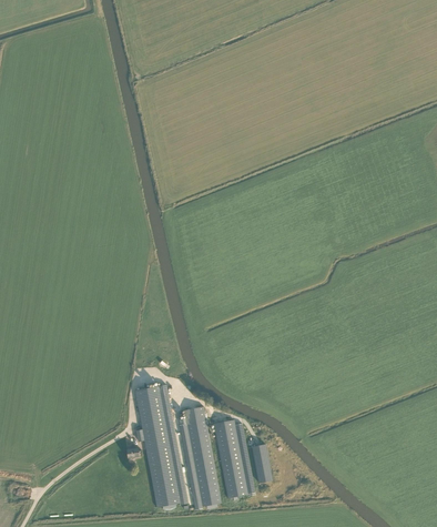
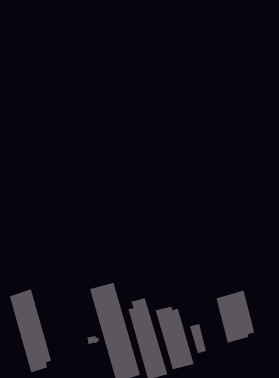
building: none -> [9,289,52,373]
building: none -> [216,290,255,344]

